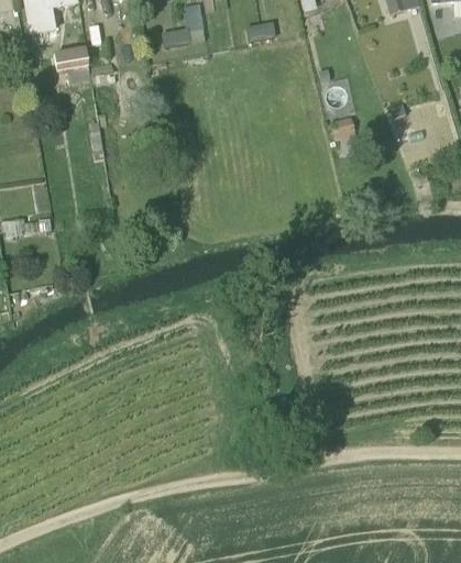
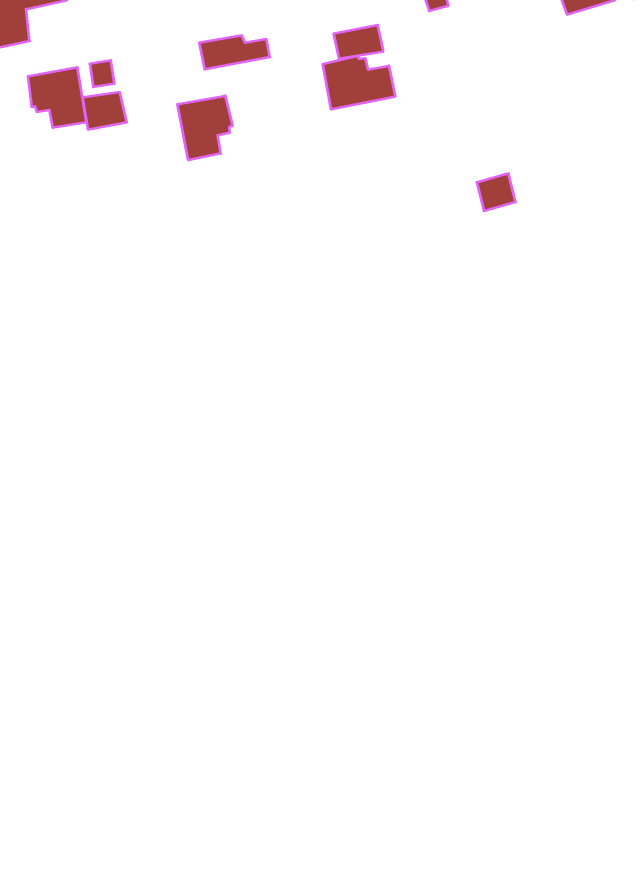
building: none -> [323,56,395,109]
building: none -> [178,96,232,160]

